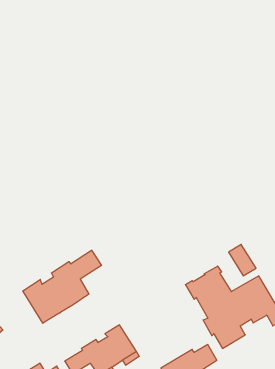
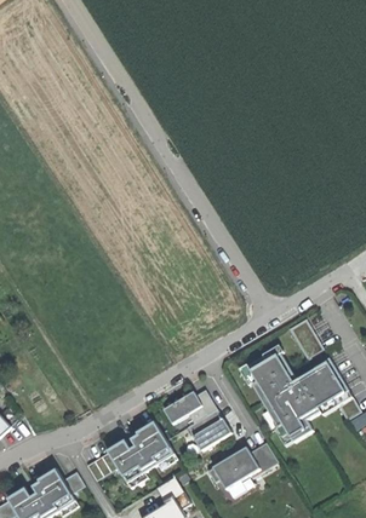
building: [23,250,101,323] -> none
building: none -> [162,390,230,450]

